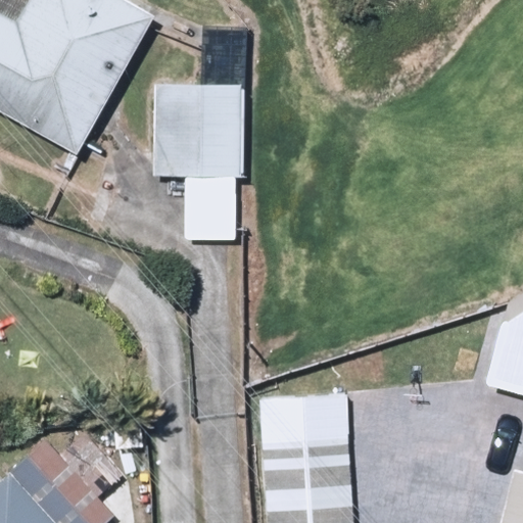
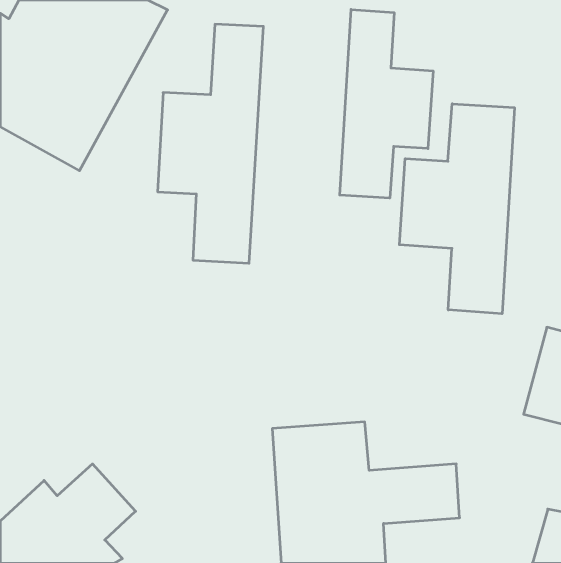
building: none -> [340,9,433,198]
building: none -> [399,104,514,314]

